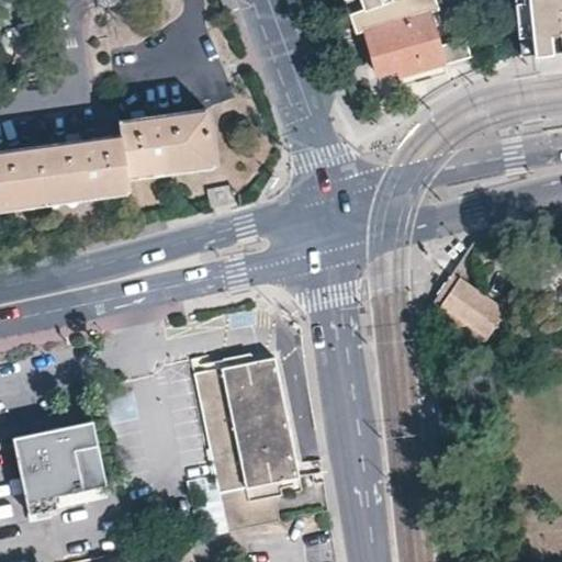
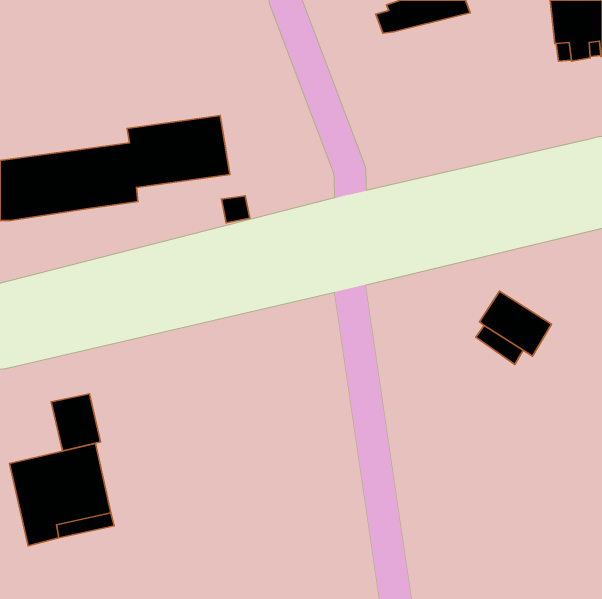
building: [367,18,442,78] -> none
building: [199,358,300,537] -> none
building: none -> [51,394,101,451]

